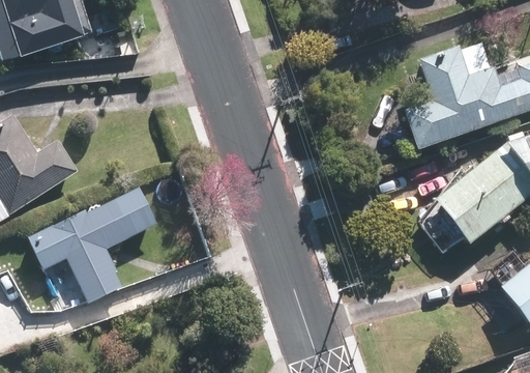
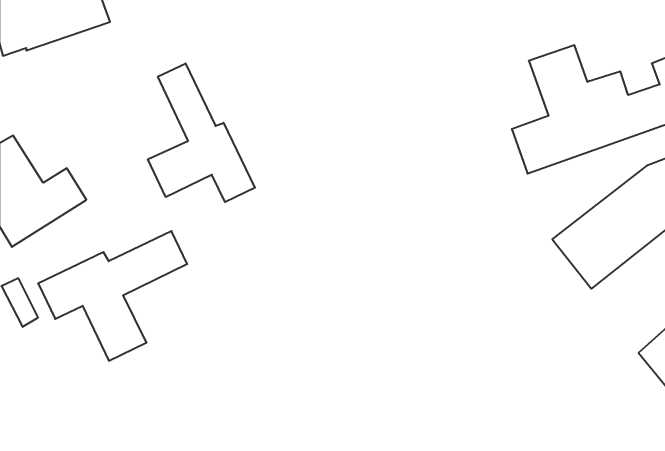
building: none -> [148,63,255,202]

